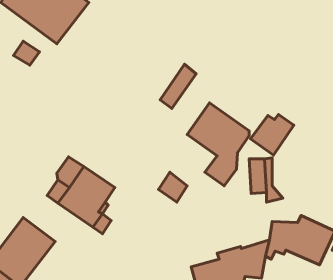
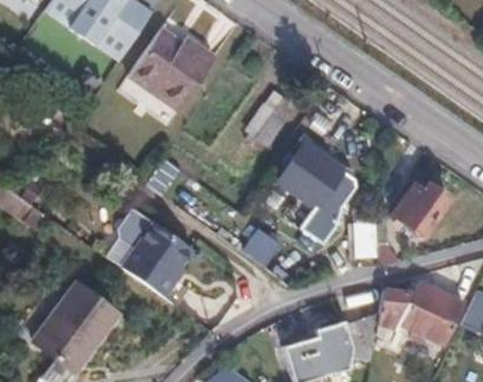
building: none -> [129,29,215,111]
building: [250,115,294,155] -> [394,184,447,234]

